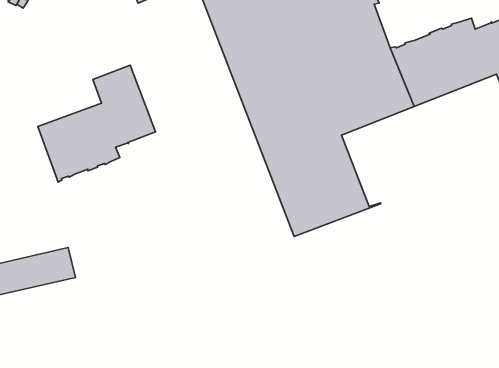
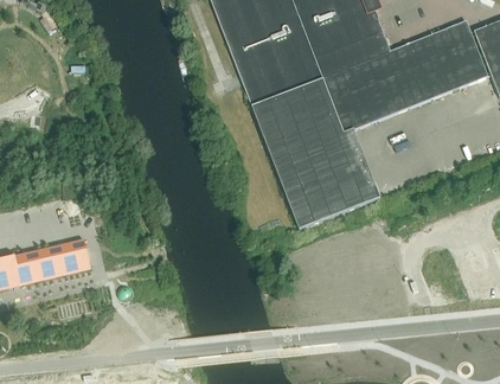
building: [38,65,156,182] -> none

